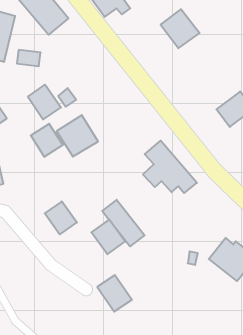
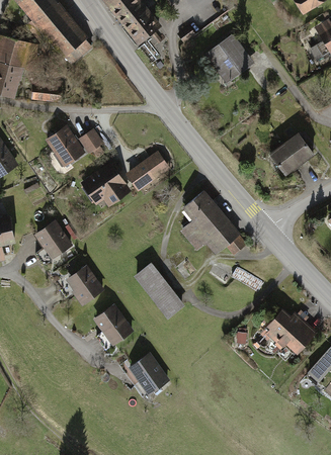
building: none -> [125,150,168,190]
building: [31,124,63,157] -> [33,218,72,258]
building: [91,220,125,254] -> [92,302,133,344]

